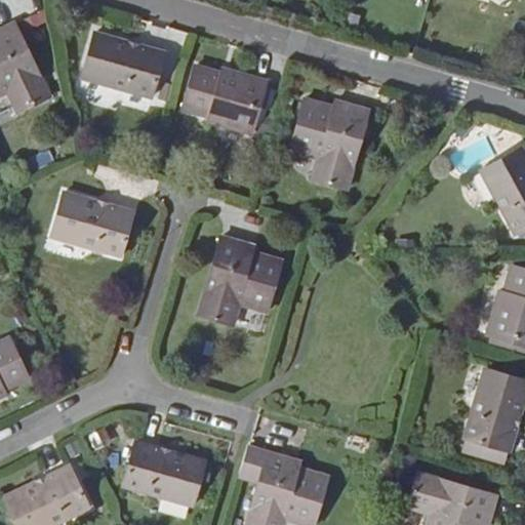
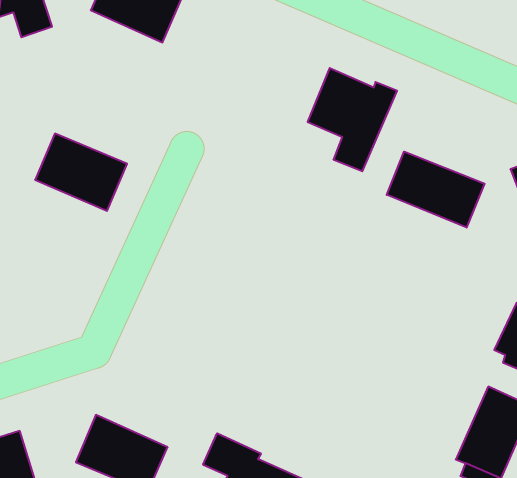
building: [184,68,269,134] -> none
building: none -> [387,152,485,228]
building: [200,236,283,323] -> none

